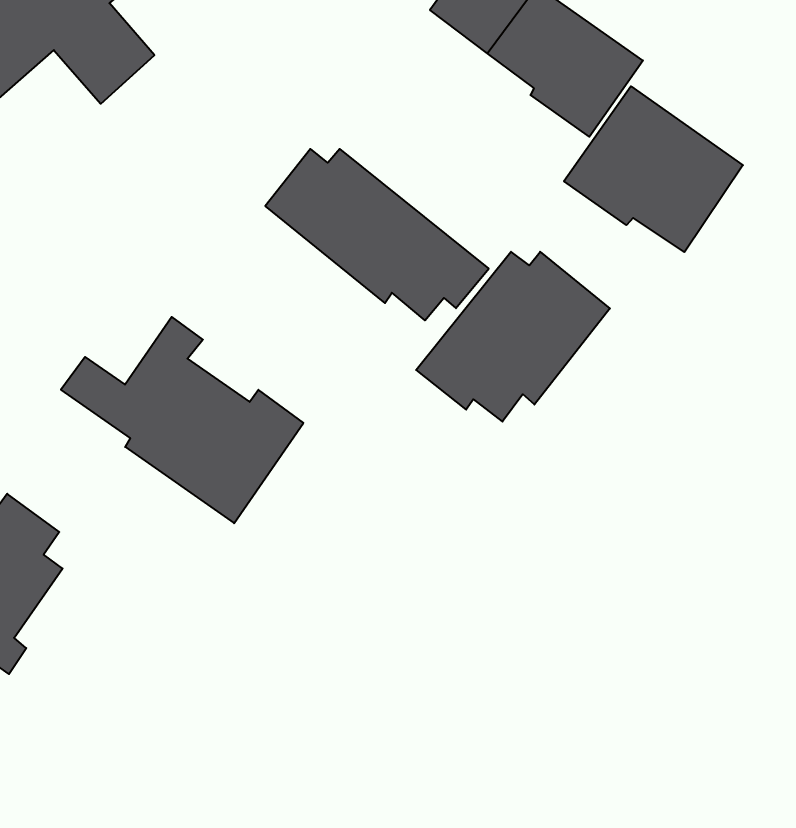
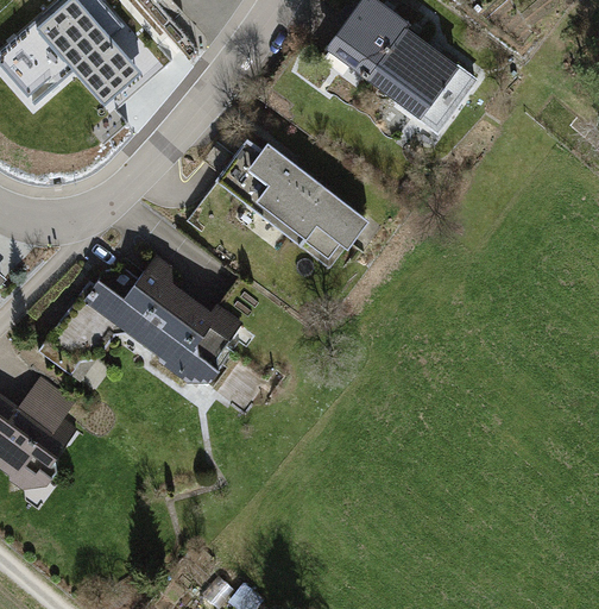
building: [564,86,743,252] -> none
building: [416,252,610,422] -> none

